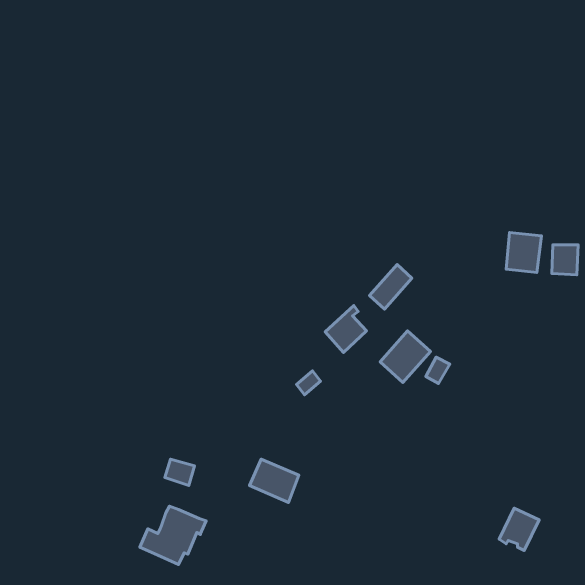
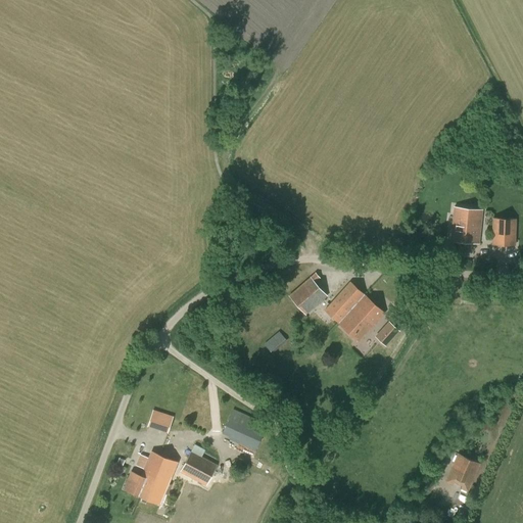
building: [370,264,412,309] -> [326,283,364,323]
building: none -> [180,446,218,487]

